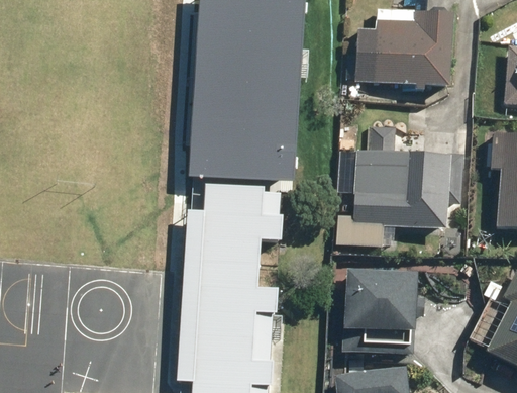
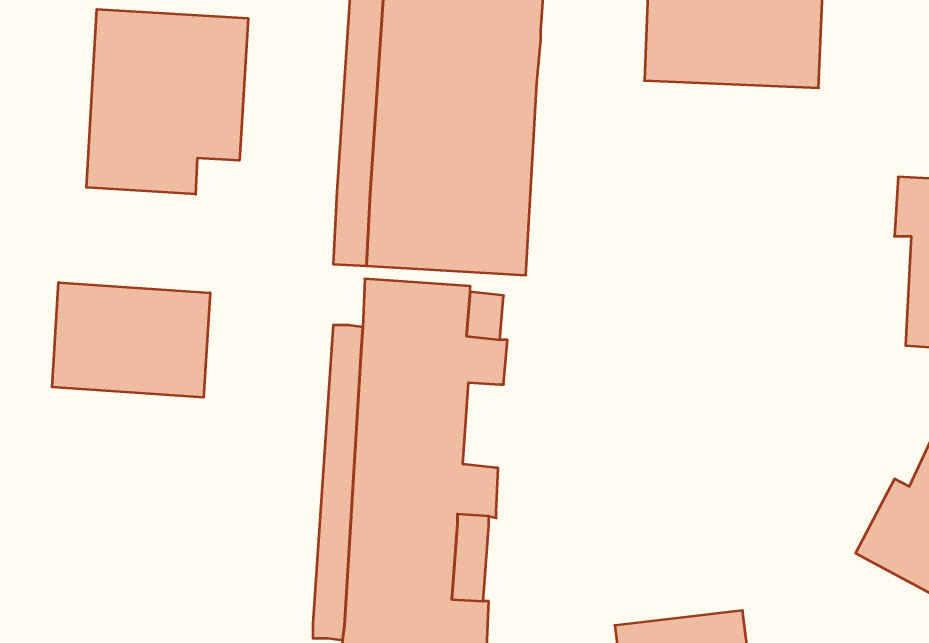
building: none -> [86,9,248,194]
building: [337,126,466,248] -> none
building: none -> [52,282,210,397]
building: [348,269,422,342] -> none

